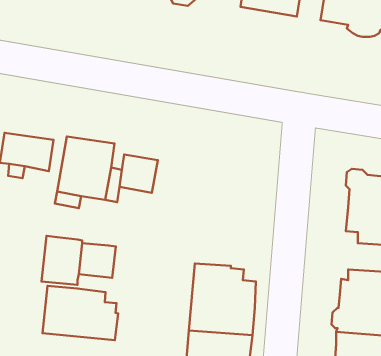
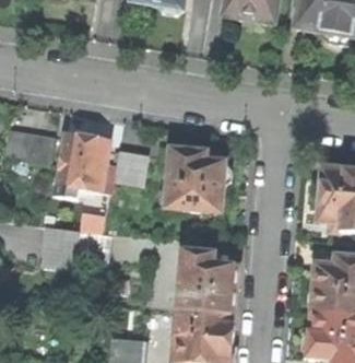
building: none -> [165,147,232,210]
building: [42,286,118,340] -> none

